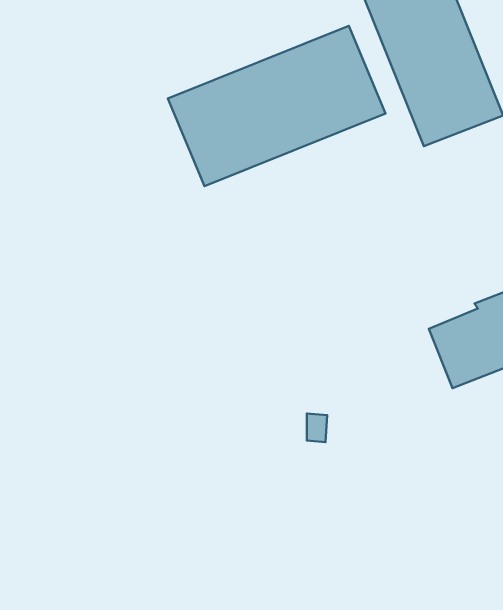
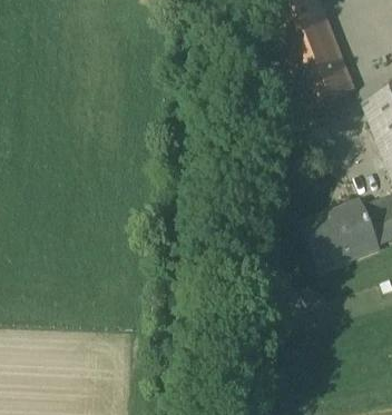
building: [168,26,385,186] -> none

